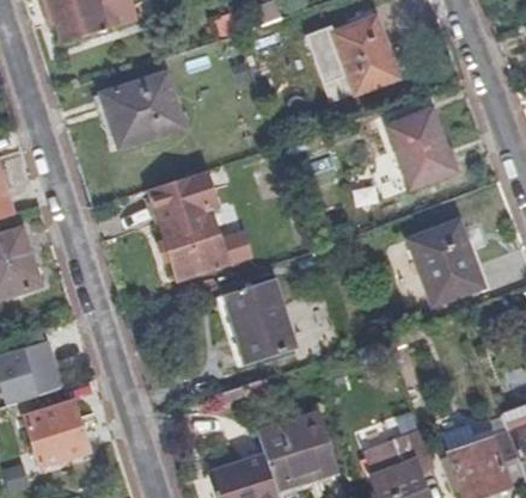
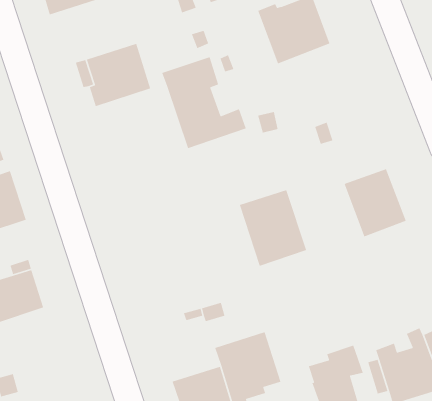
building: [386,107,454,186] -> none
building: [151,170,251,278] -> [161,56,247,149]
building: [216,277,296,368] -> [239,189,307,267]
building: [27,398,91,466] -> none

